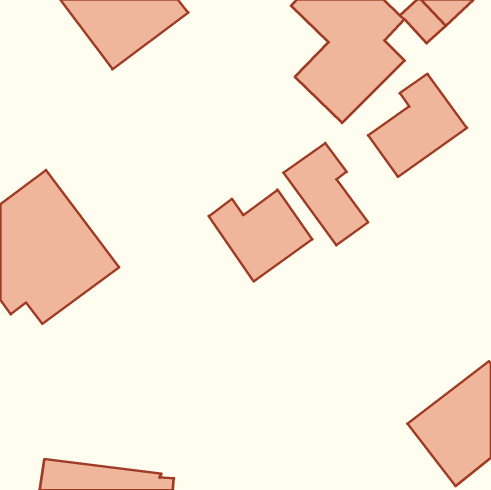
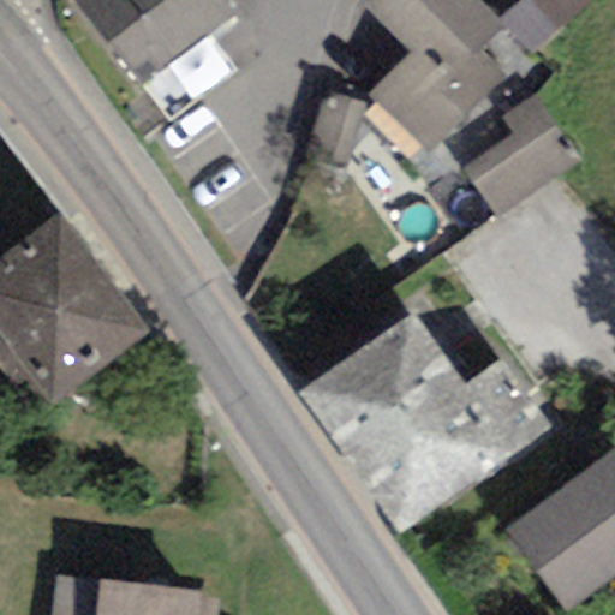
building: [283,143,368,245] -> none
building: [209,190,312,281] -> none
building: none -> [298,308,550,532]

